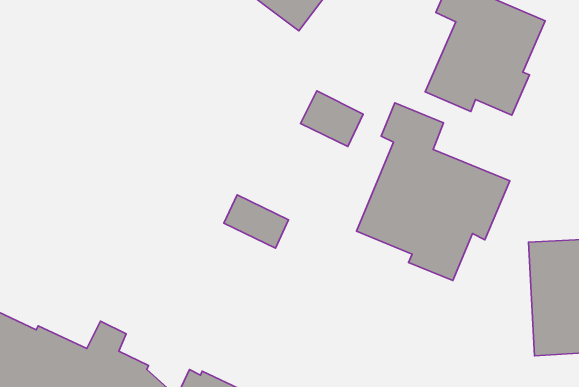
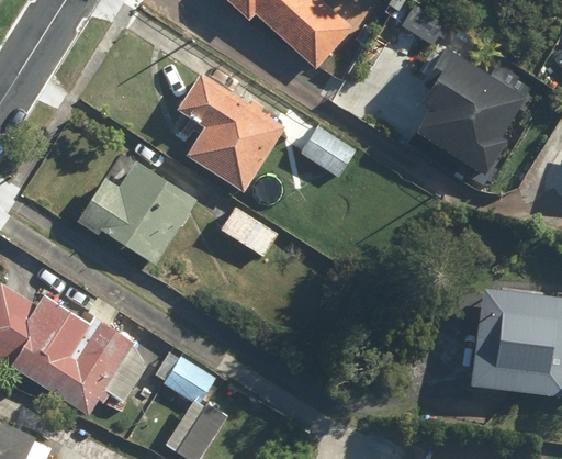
building: none -> [181,72,284,191]
building: [356,103,510,281] -> none
building: none -> [78,154,198,265]

